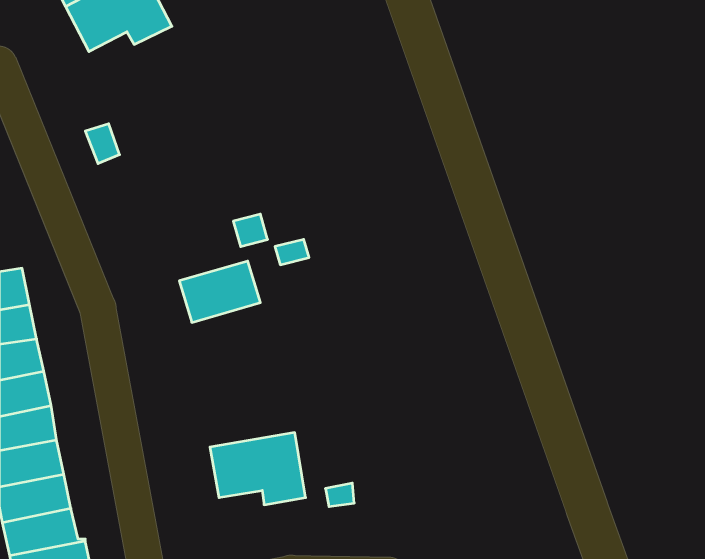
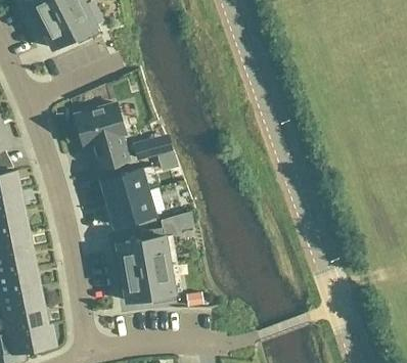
building: none -> [74,104,129,170]
building: none -> [111,191,157,226]
building: none -> [117,216,181,273]

